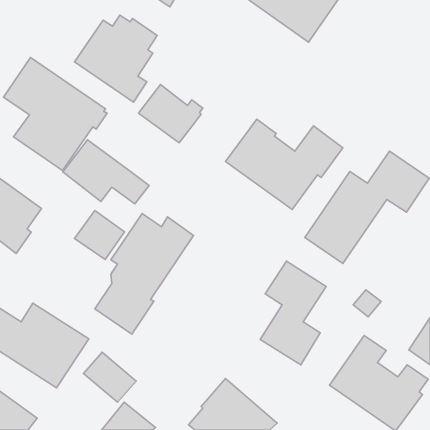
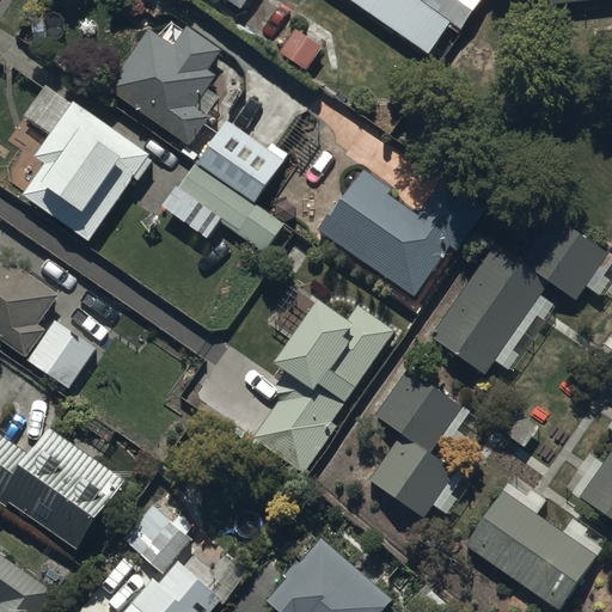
building: [63,140,149,204] -> [161,160,283,251]
building: [75,211,125,260] -> [25,319,96,388]
building: [95,213,194,334] -> [253,300,393,471]

